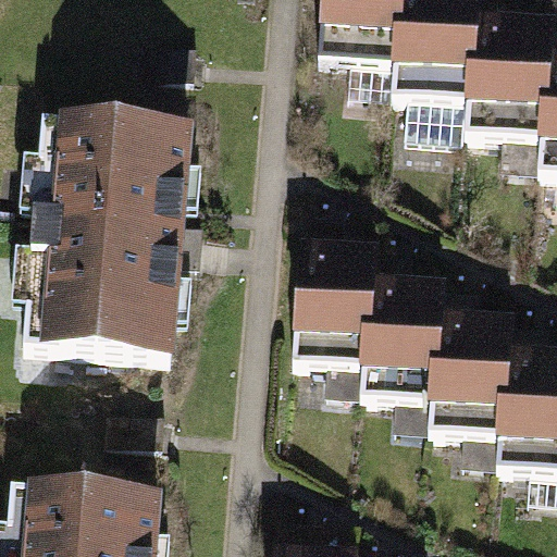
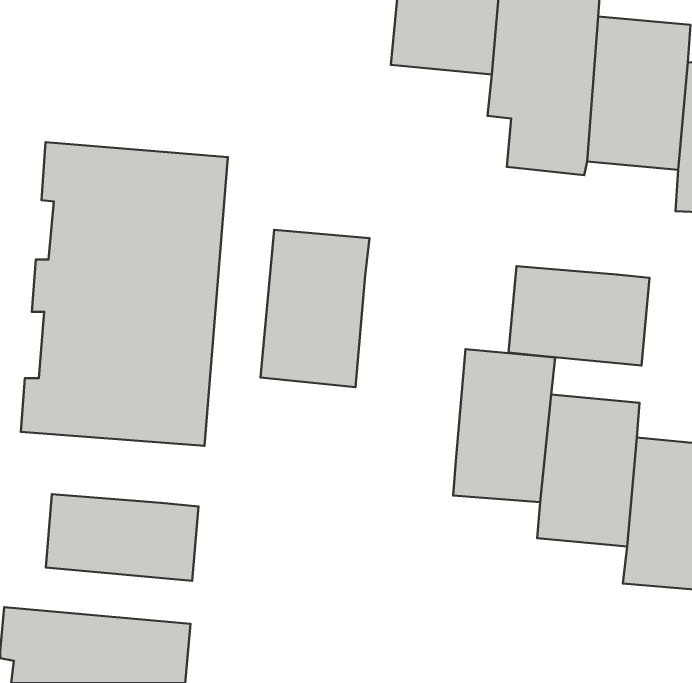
building: none -> [509,266,650,366]
building: [295,239,381,363] -> [260,230,369,387]
building: none -> [46,494,198,581]

